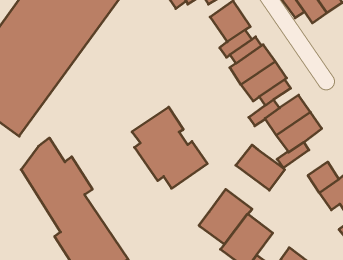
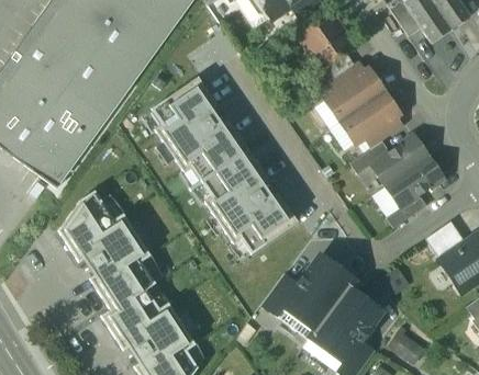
building: none -> [151,77,247,181]
building: [236,145,285,190] -> none
building: none -> [260,272,299,316]

